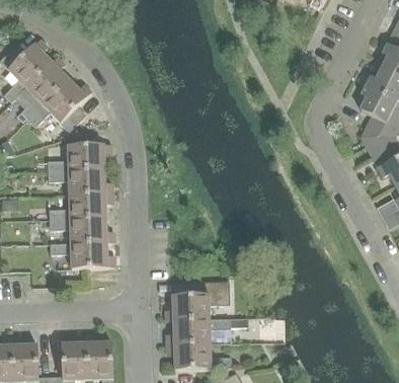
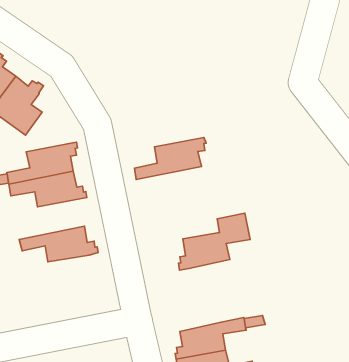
building: [49,194,113,220] -> [134,138,206,180]
building: [50,243,115,269] -> none
building: [165,282,230,321] -> [178,213,250,270]

